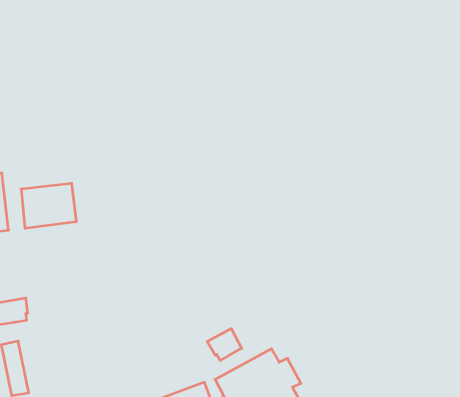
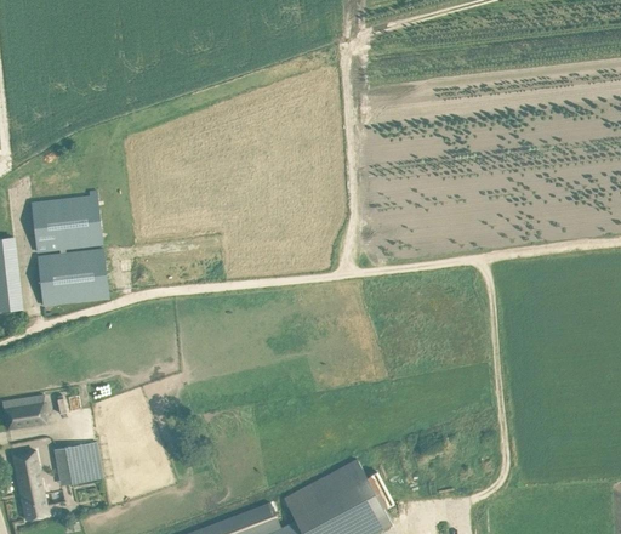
building: none -> [32,189,103,252]
building: [207,329,242,360] -> none
building: none -> [57,442,104,484]

